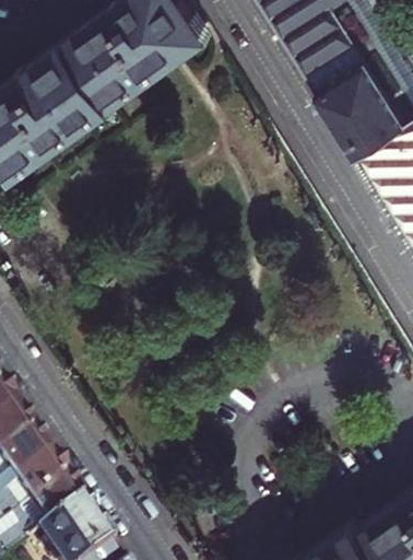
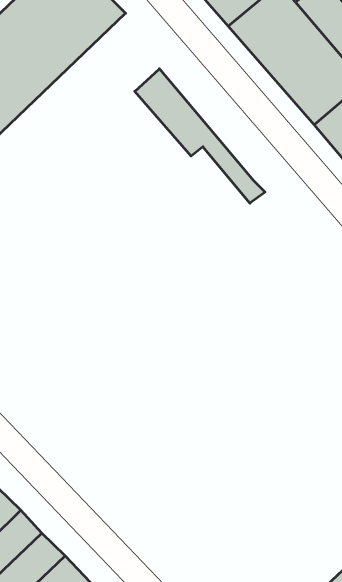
building: none -> [135,69,265,203]

